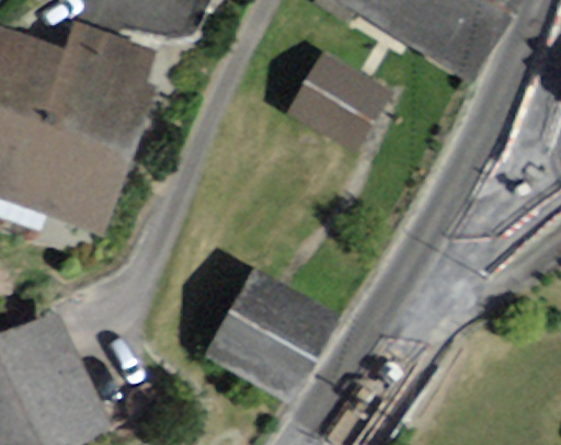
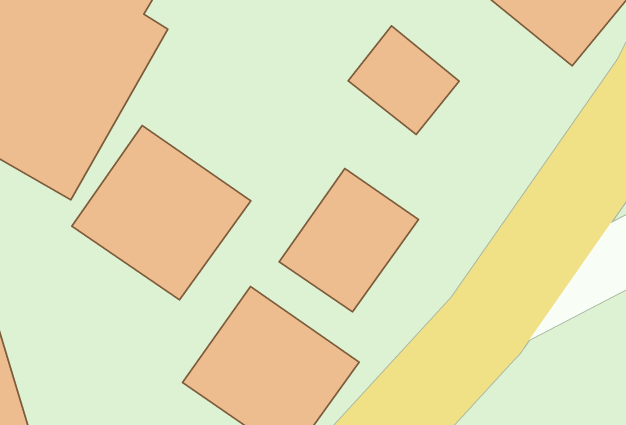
building: none -> [72,125,251,300]
building: none -> [279,168,419,312]

